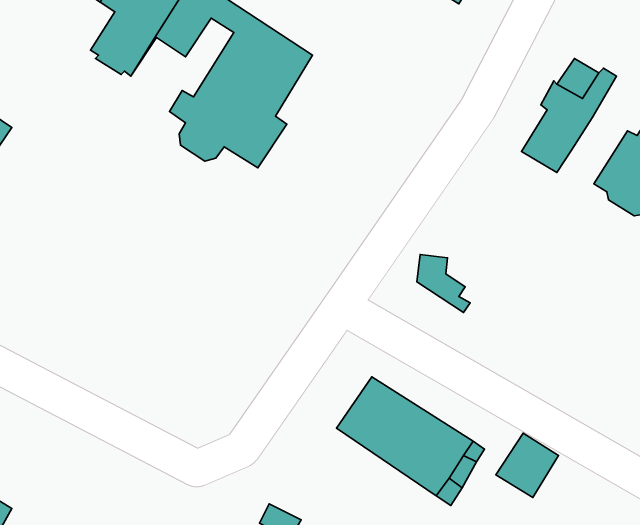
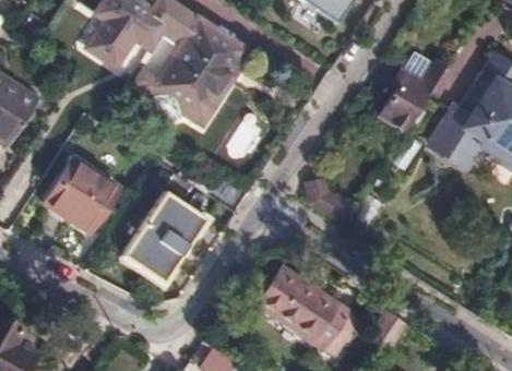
building: none -> [45,157,118,231]
building: none -> [121,190,205,280]

